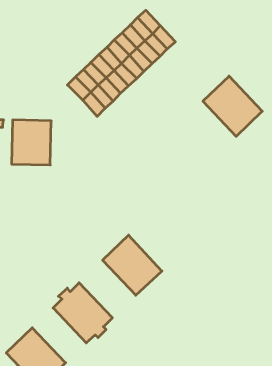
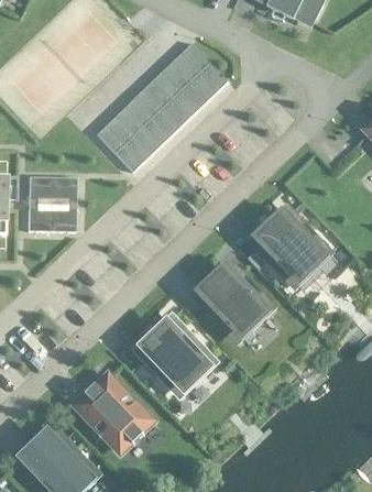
building: [203,76,262,136] -> [253,208,326,282]
building: none -> [196,262,270,336]

